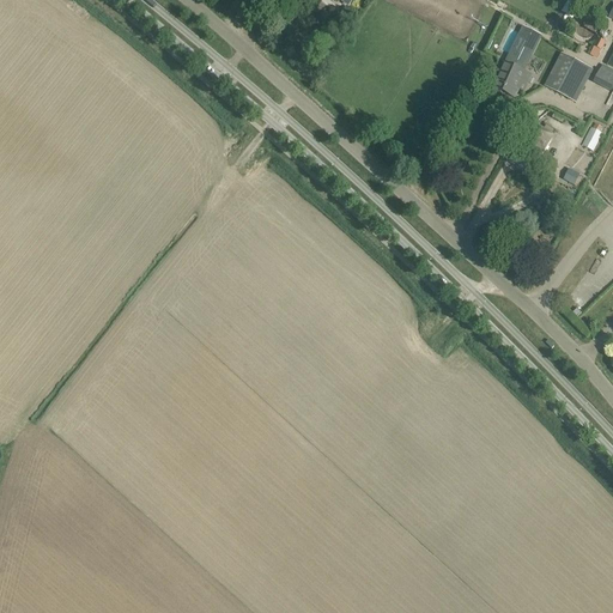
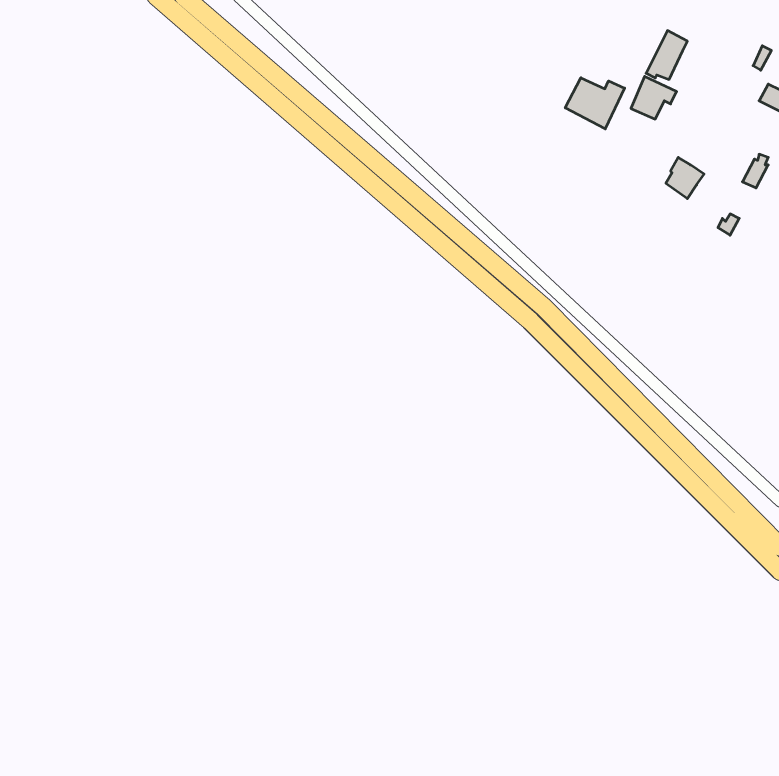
building: [550,51,584,95] -> none
building: none -> [565,78,625,129]

